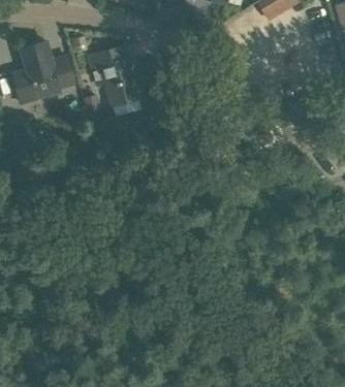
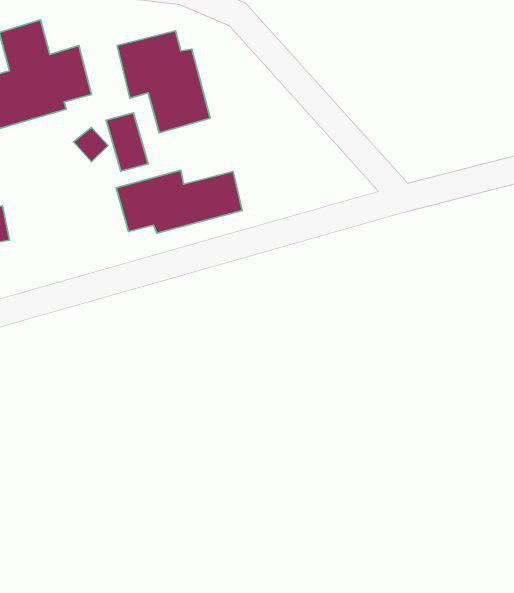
building: none -> [116,170,242,233]

